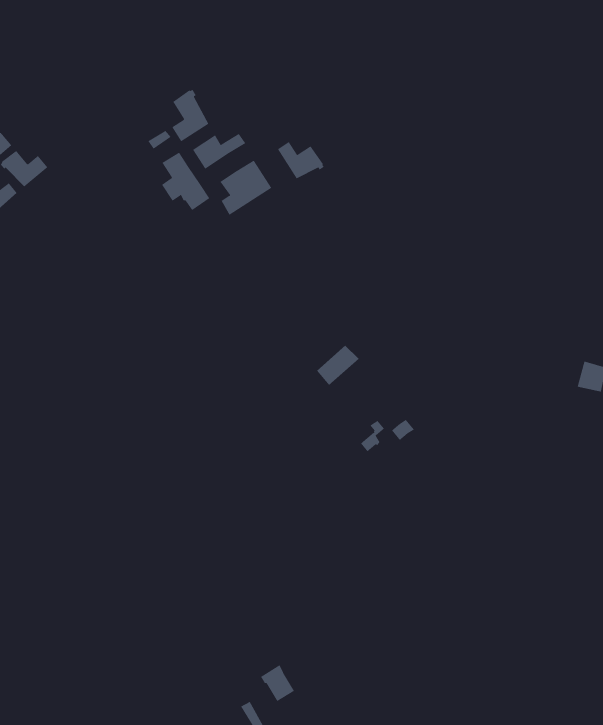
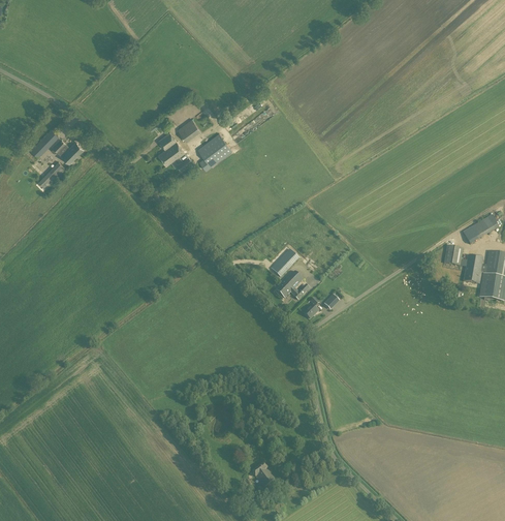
building: [171,89,209,142] -> none
building: [277,141,324,179] -> none
building: none -> [276,271,306,300]

